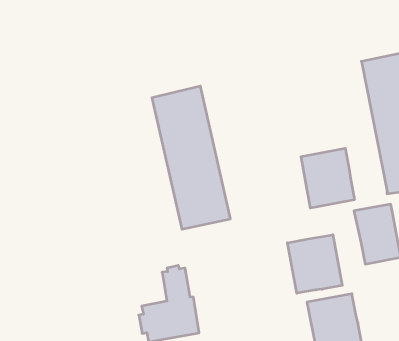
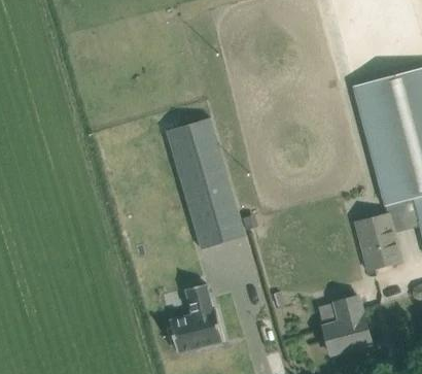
building: [301,148,354,208] -> none
building: [287,235,342,293] -> none

